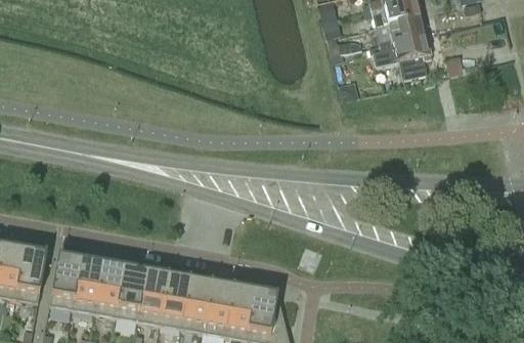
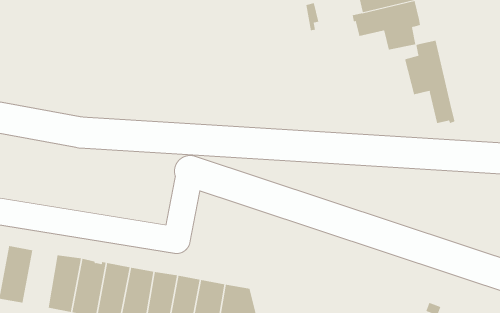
building: none -> [405,40,455,124]
building: [70,259,100,311] -> none

